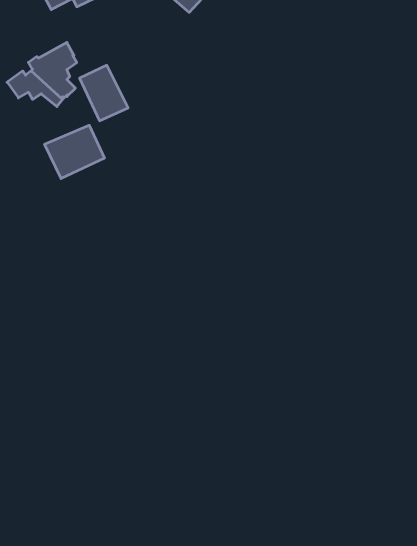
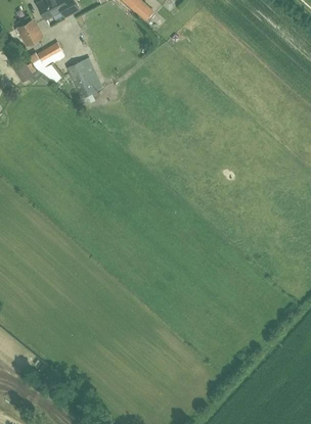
building: none -> [16,16,44,45]
building: [45,125,104,179] -> none

